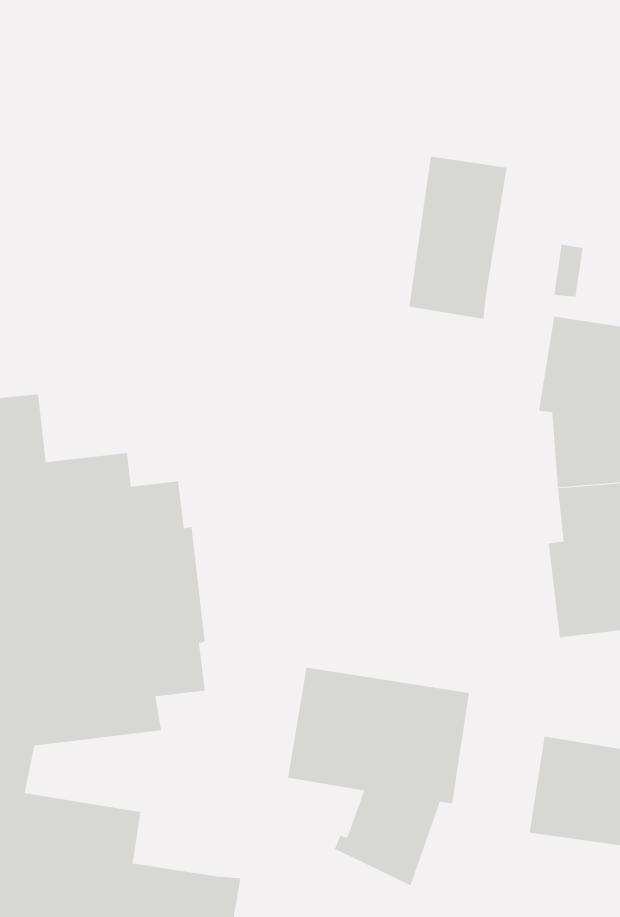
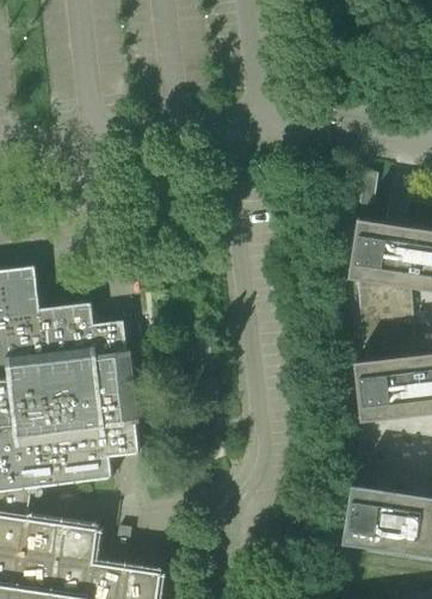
building: [409,156,507,320] -> none
building: [288,667,469,886] -> none

